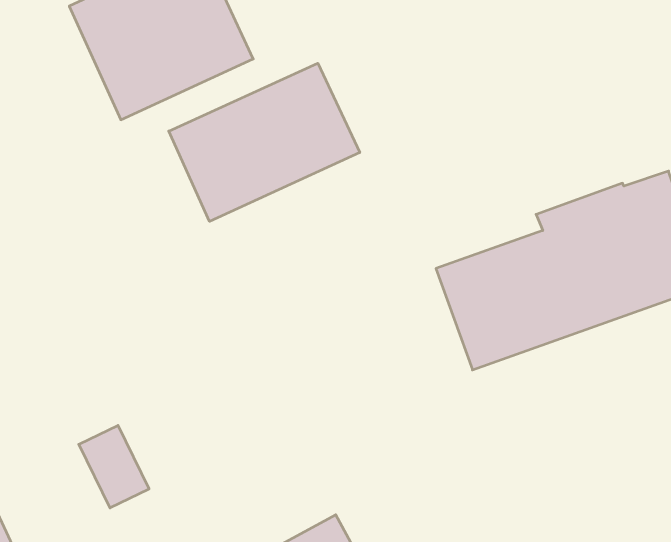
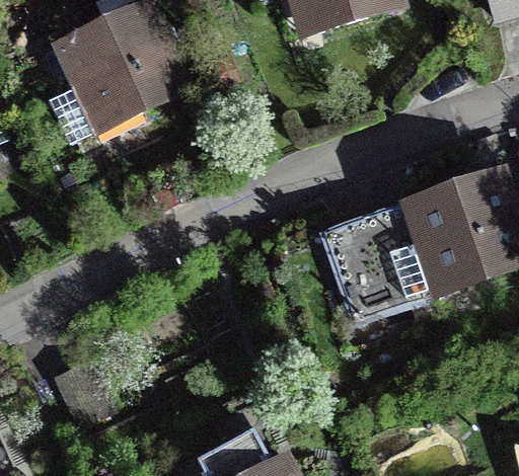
building: [169,63,360,221] -> none

